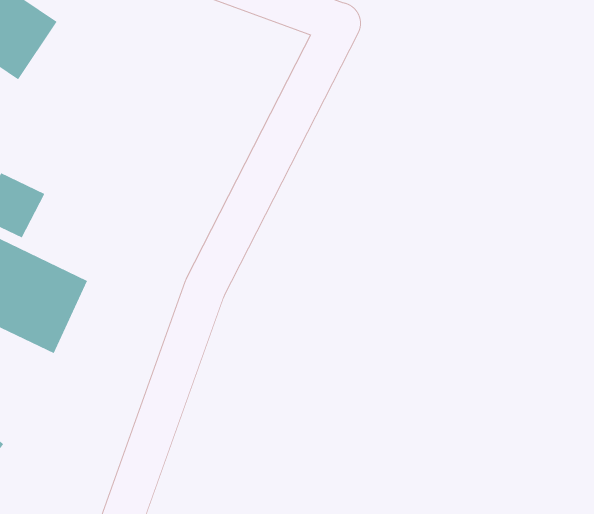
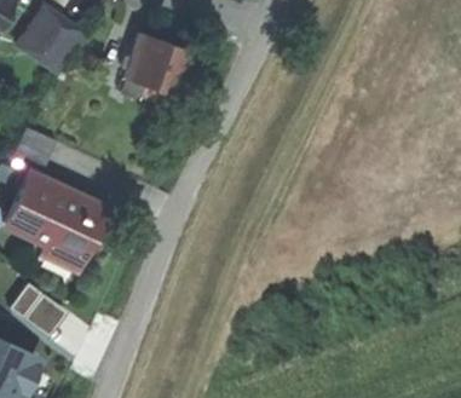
building: none -> [126,34,189,94]

